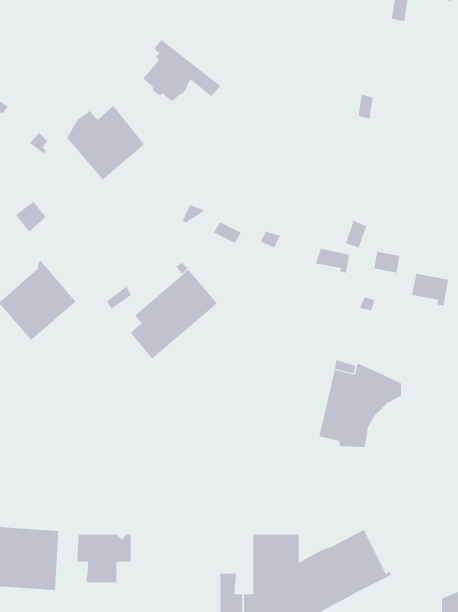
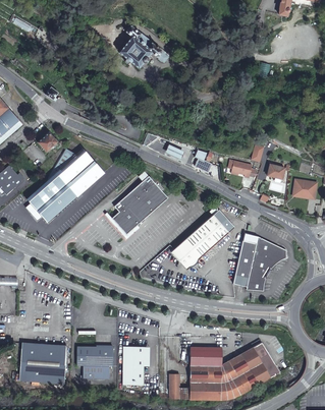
building: [66,105,145,180] -> [52,148,103,196]
building: none -> [170,211,228,270]
building: none -> [121,347,143,386]

